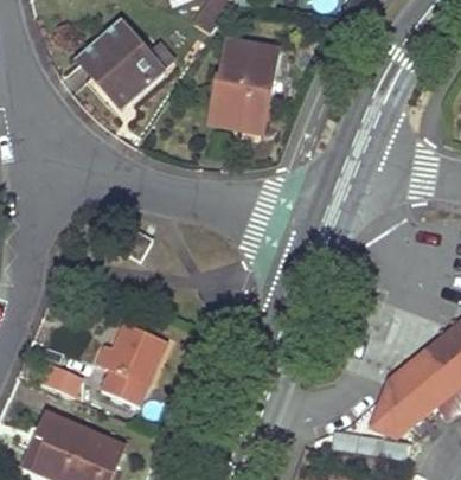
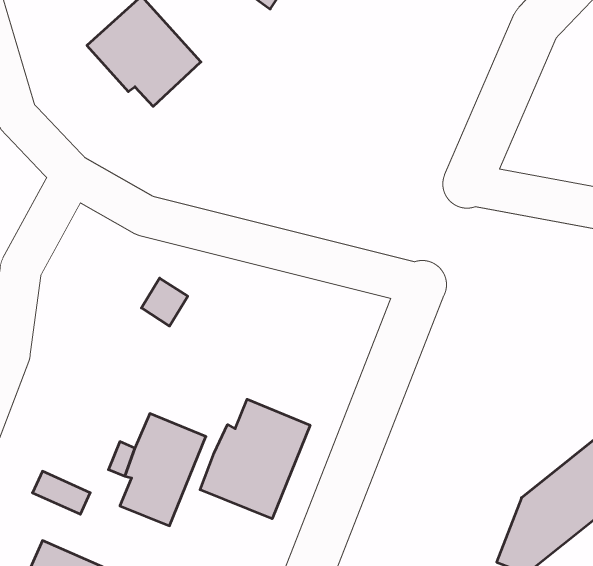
building: [211,38,275,132] -> none
building: none -> [200,399,310,519]

